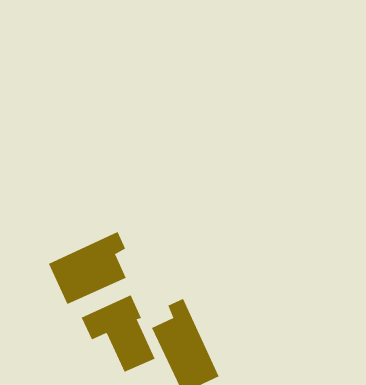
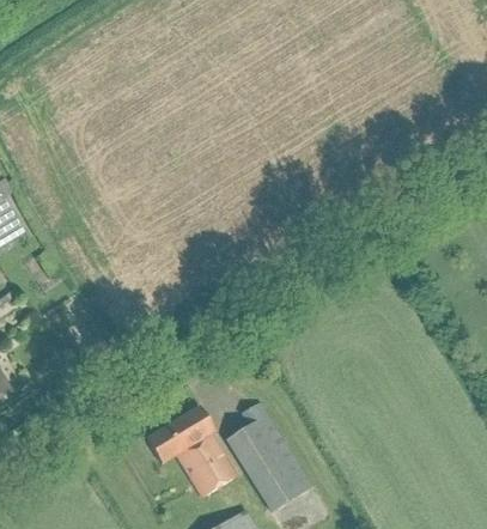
building: [48,231,127,305] -> none

